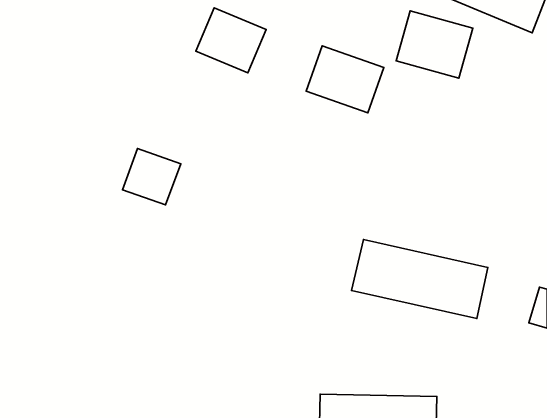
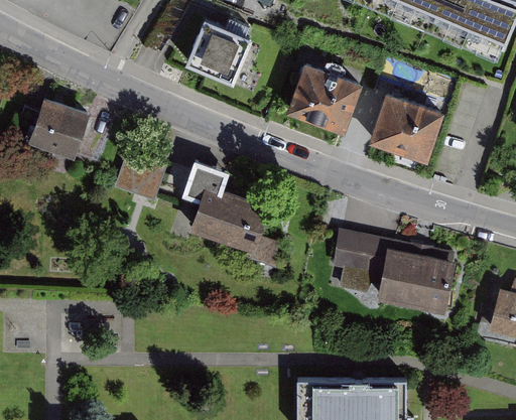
building: [396,11,473,78] -> [371,92,442,154]
building: none -> [29,99,89,154]
building: none -> [180,158,269,252]

